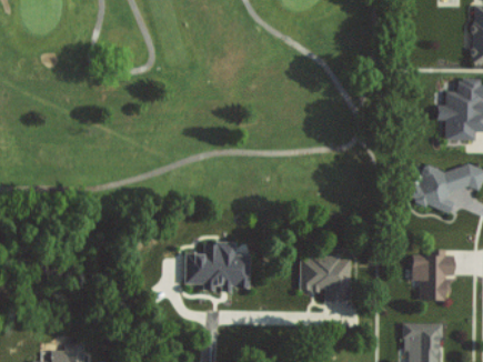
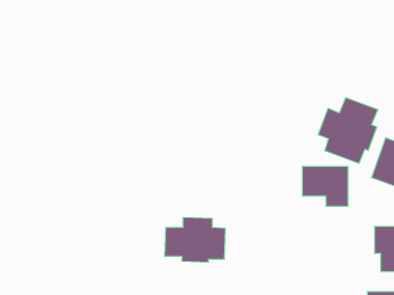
building: none -> [318,98,378,164]
building: [300,258,350,301] -> [302,166,348,206]

